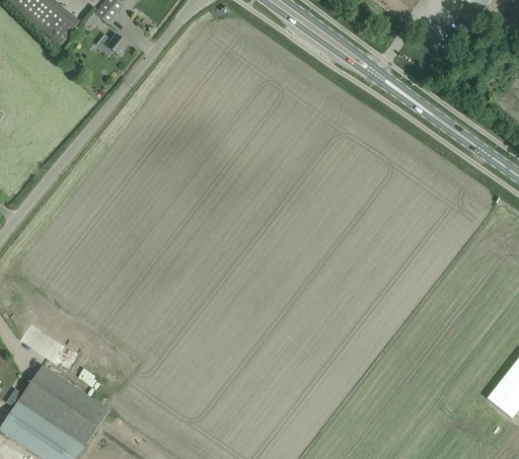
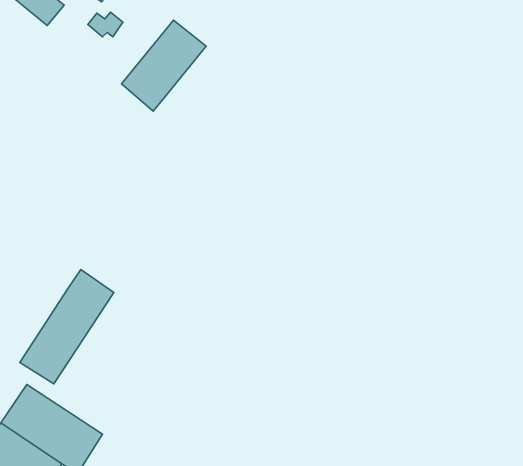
building: none -> [121,20,206,111]
building: none -> [20,269,114,384]

